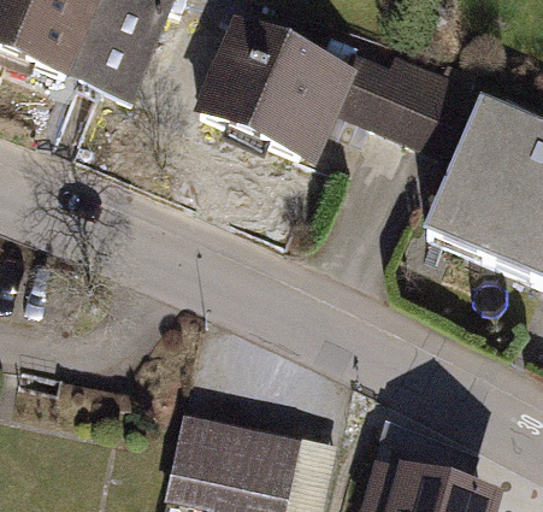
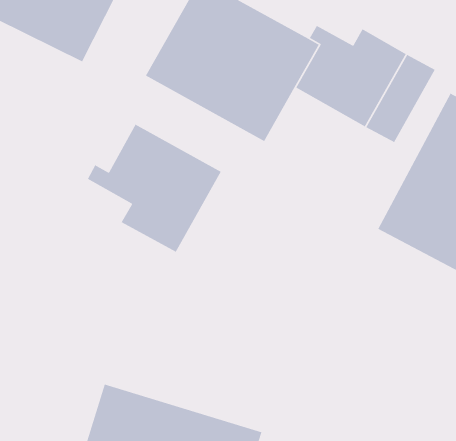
building: none -> [87,124,222,253]

